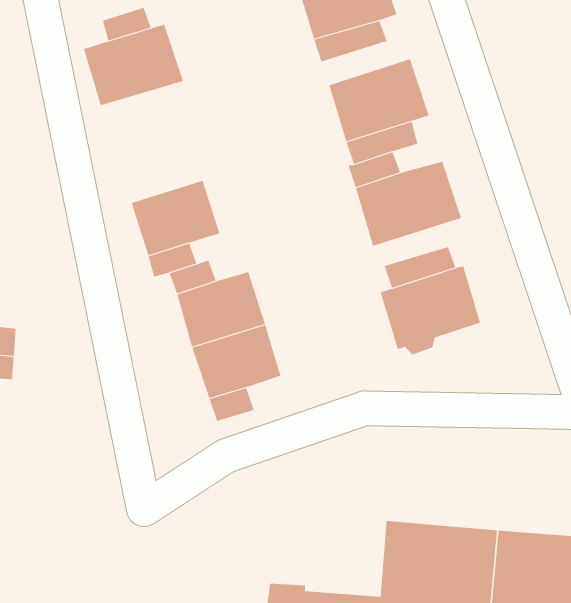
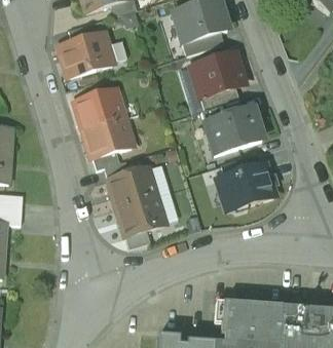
building: none -> [75,88,123,128]

